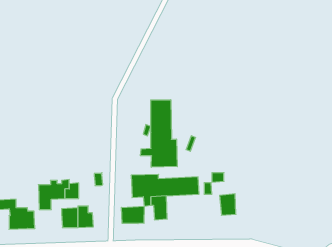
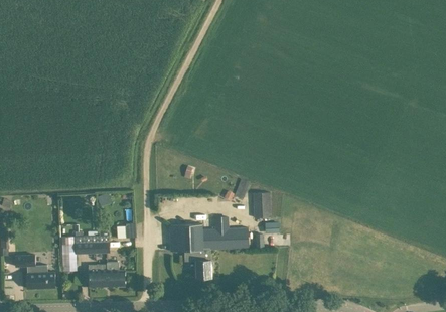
building: [140,100,177,167] -> none
building: [220,194,236,215] -> [252,192,271,217]
building: [121,206,144,224] -> none

